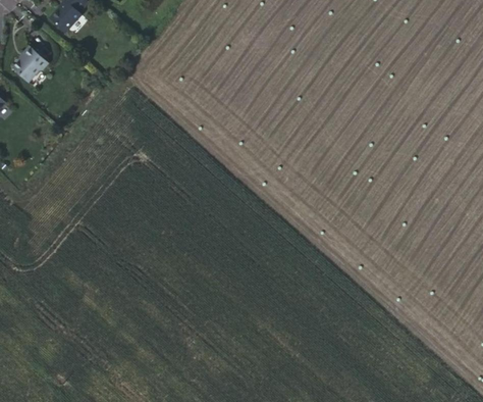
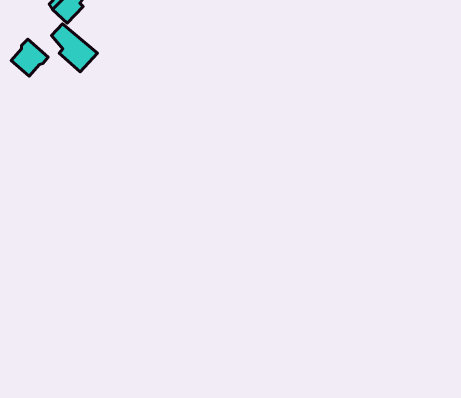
building: none -> [52,24,97,72]

